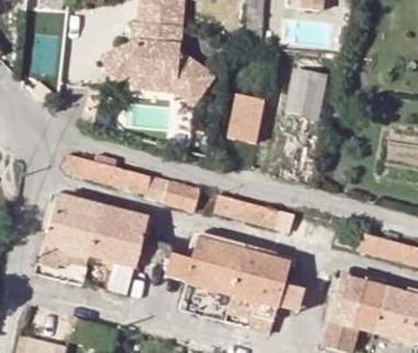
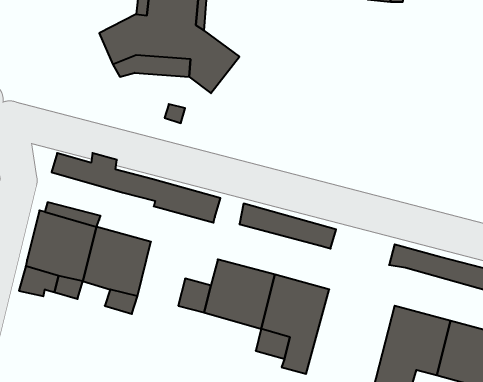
building: [286,69,326,118] -> none
building: [230,95,265,142] -> none

